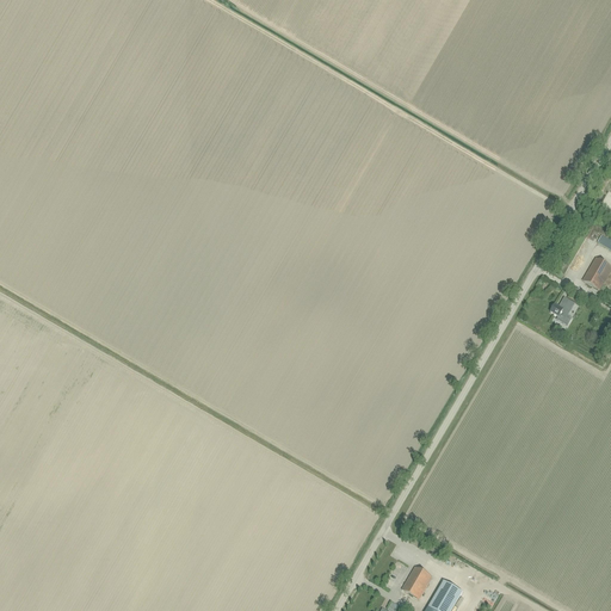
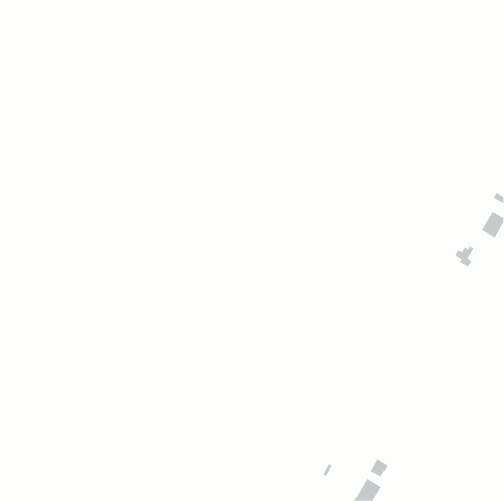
building: [402,564,432,598] -> none

